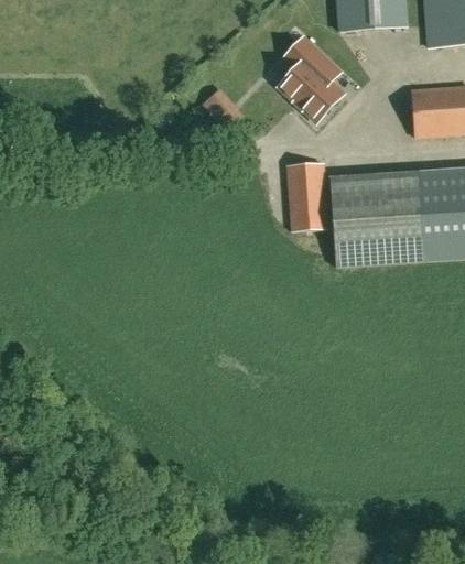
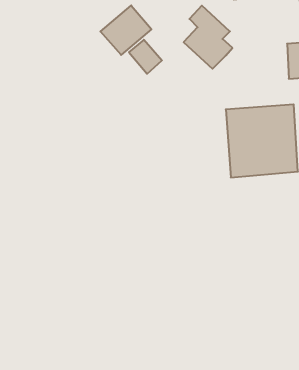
building: none -> [100,5,151,55]
building: [288,161,327,230] -> none

